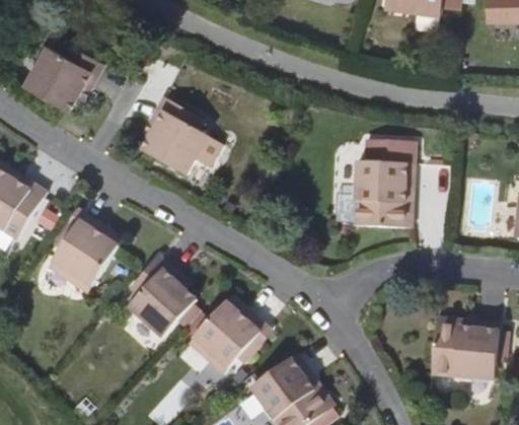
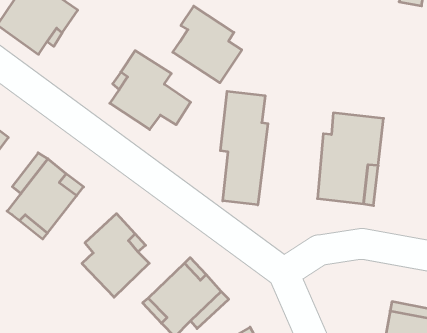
building: none -> [173,6,242,83]
building: none -> [220,91,268,205]

